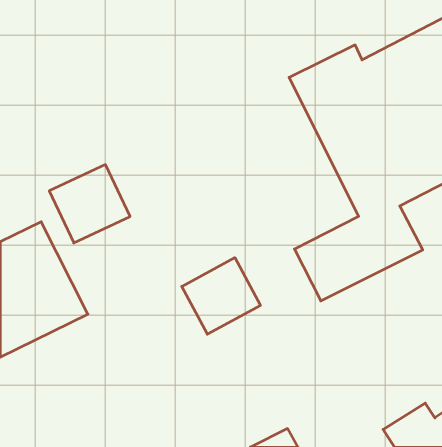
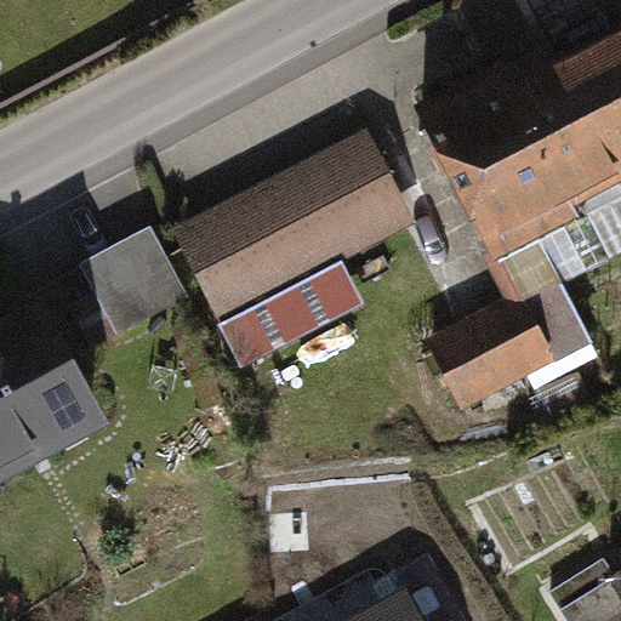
building: none -> [171,129,414,365]
building: [182,258,260,334] -> none

